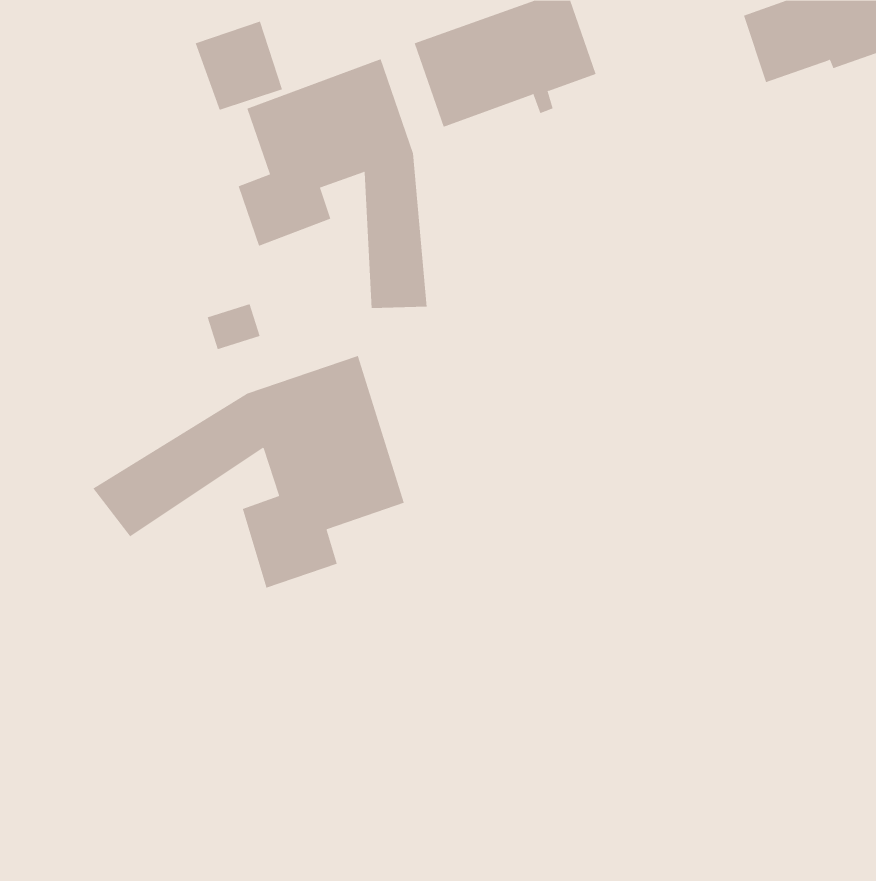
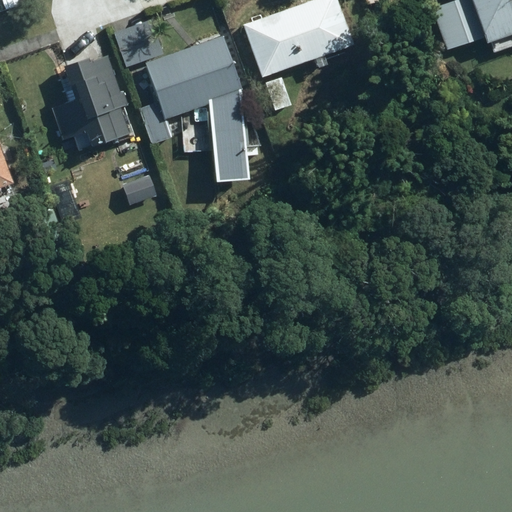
building: none -> [52,56,128,146]
building: [92,355,404,589] -> none

